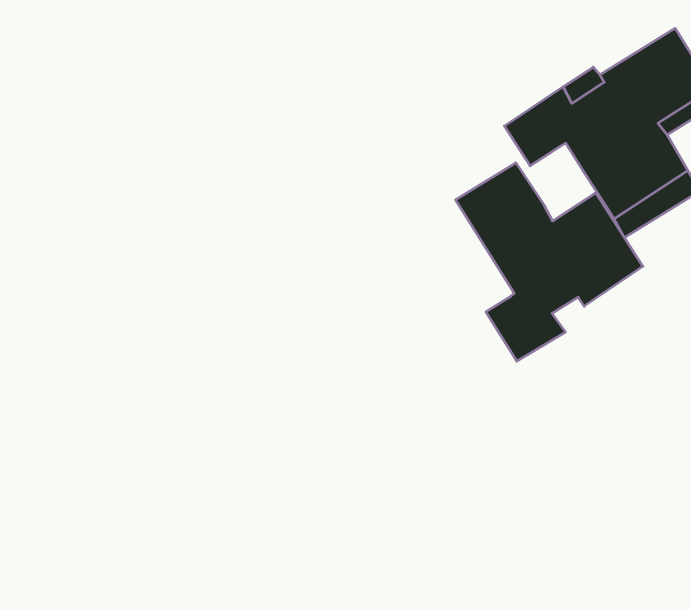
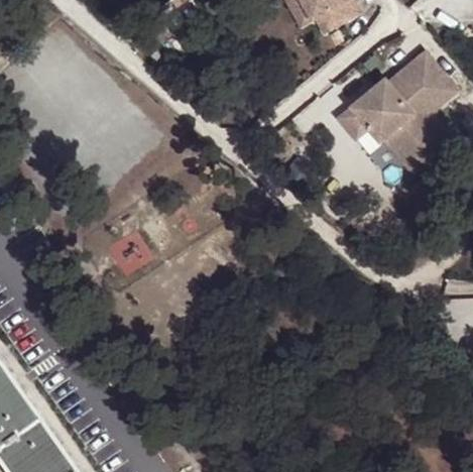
building: [456,163,643,361] -> none

